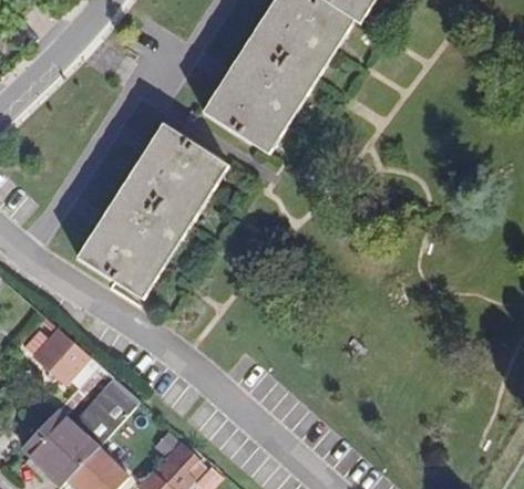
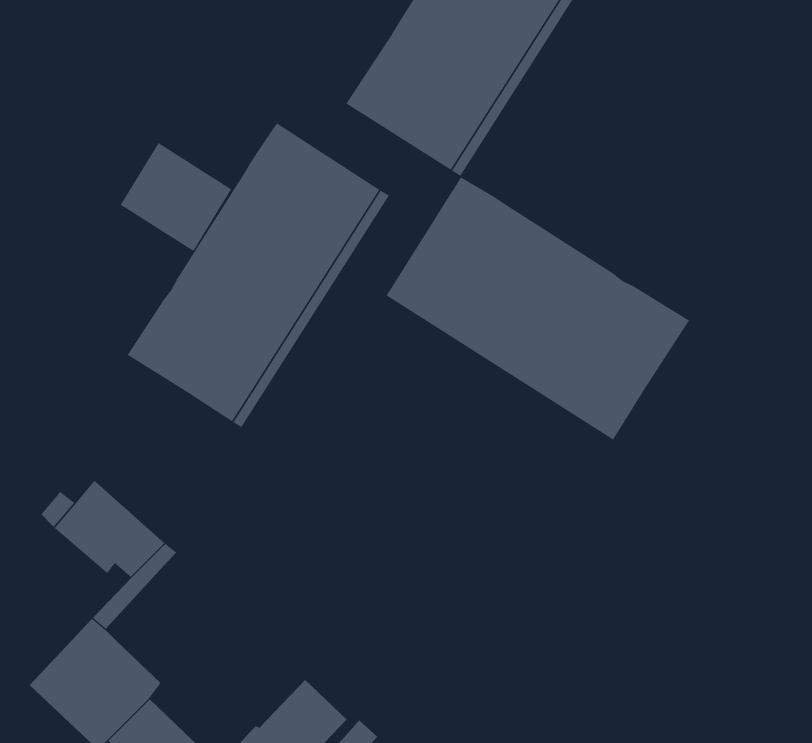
building: none -> [120,142,232,252]
building: none -> [386,176,690,440]
building: [71,376,141,446] -> none

